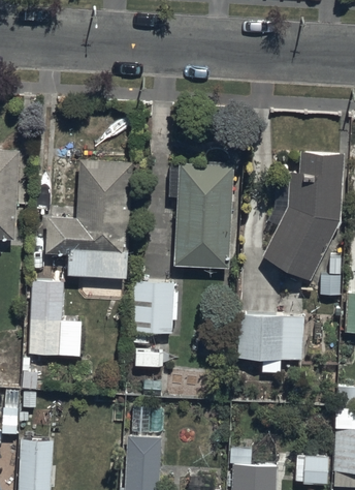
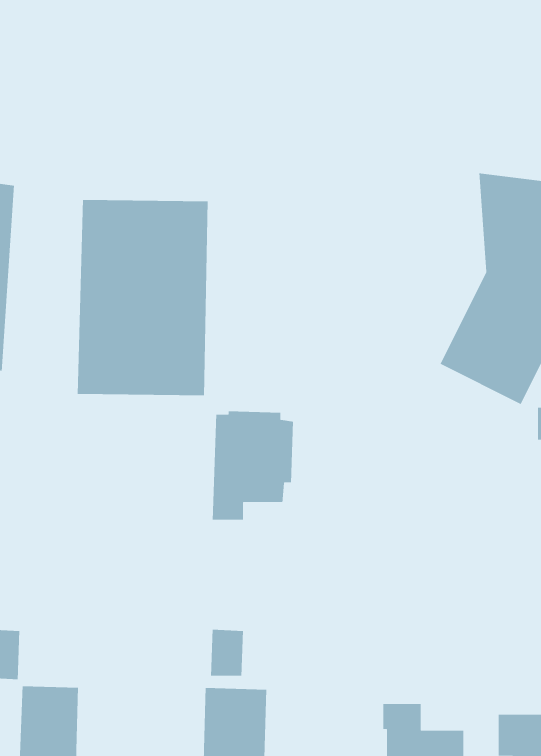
building: [173,160,230,267] -> none
building: [30,288,83,365] -> none
building: [236,315,302,377] -> none

